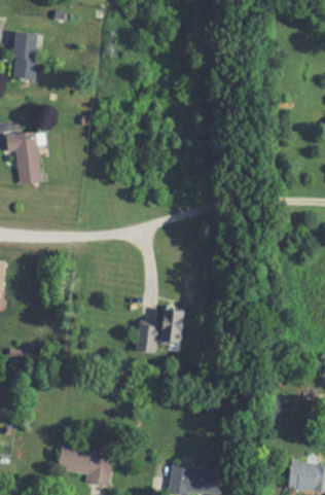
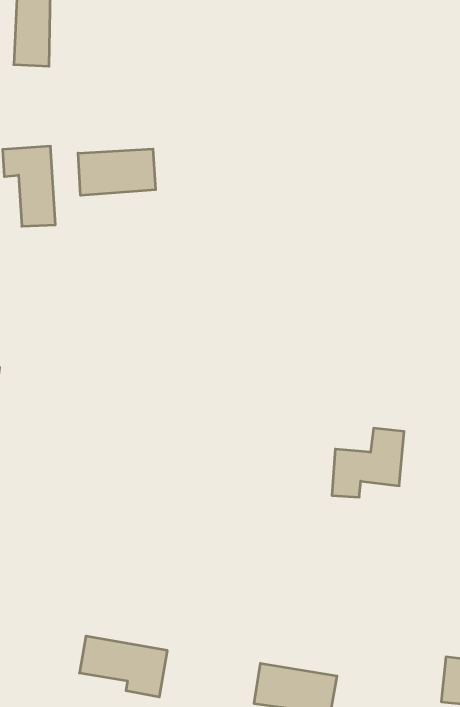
building: none -> [78,149,156,195]
building: [138,309,184,353] -> [332,428,404,497]

